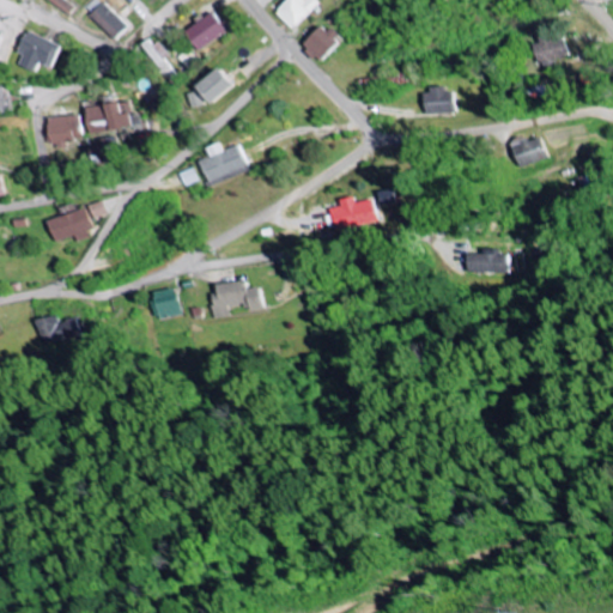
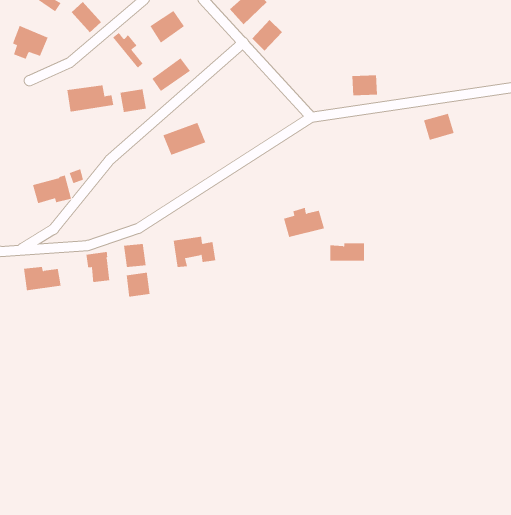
building: [532,32,570,66] -> none
building: none -> [120,88,147,113]
building: [48,115,81,142] -> none
building: [330,195,380,231] -> [283,207,325,238]
building: [465,250,506,272] -> [329,243,365,261]
building: none -> [86,251,110,283]
building: none -> [126,272,150,297]

